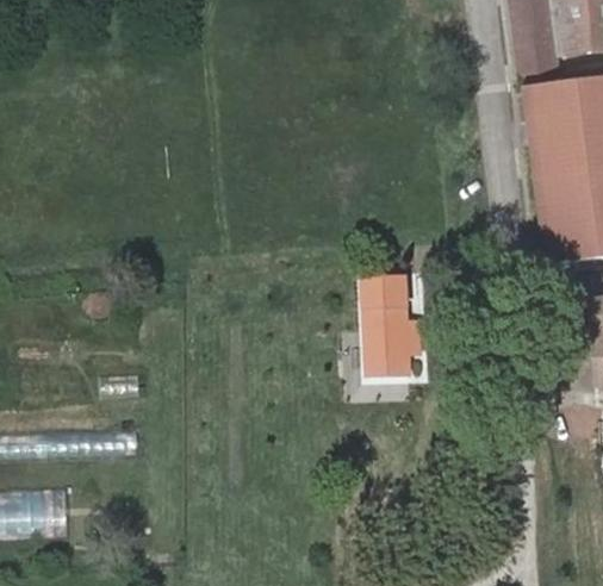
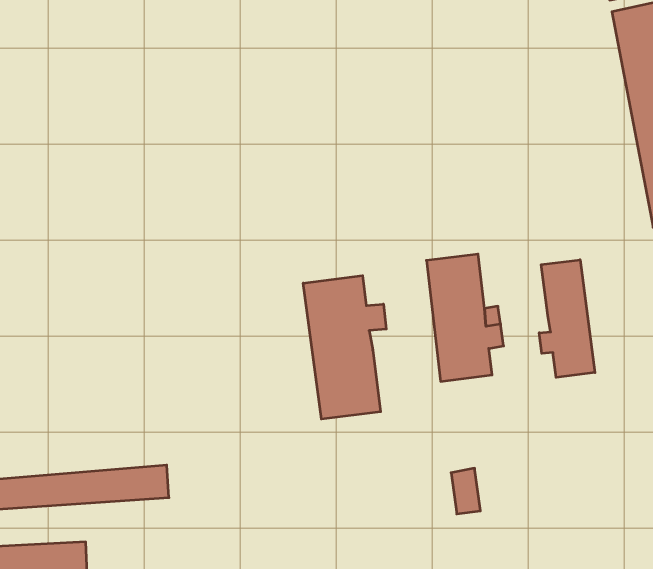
building: none -> [539,260,595,377]
building: none -> [303,276,386,419]

